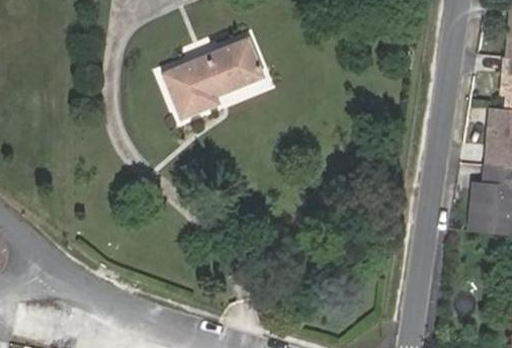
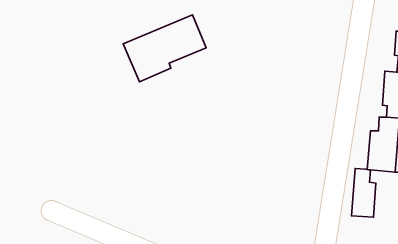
building: none -> [351,168,376,217]

